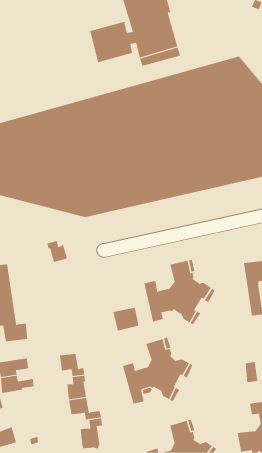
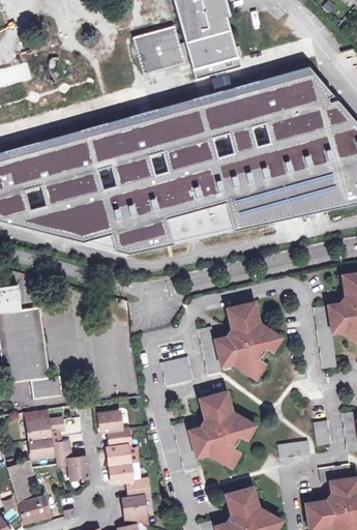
building: [47,240,68,263] -> none
building: none -> [279,441,311,460]
building: none -> [57,450,89,480]

